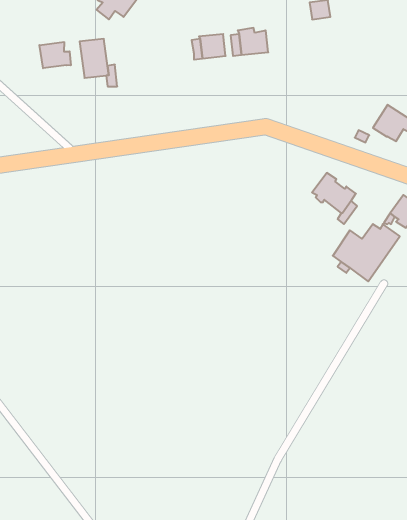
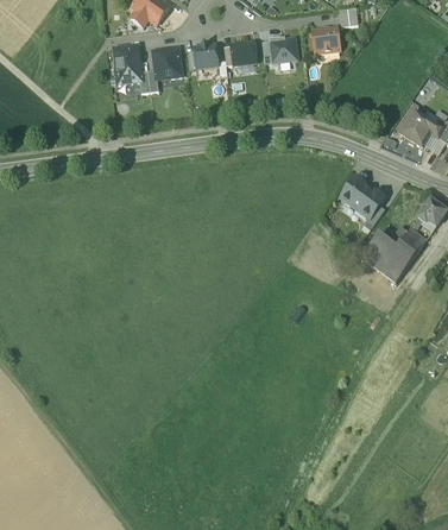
building: none -> [311,27,341,55]
building: none -> [193,44,219,69]
building: none -> [151,48,183,83]
building: [39,42,71,68] -> none

